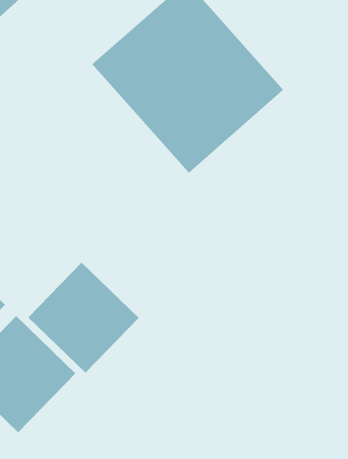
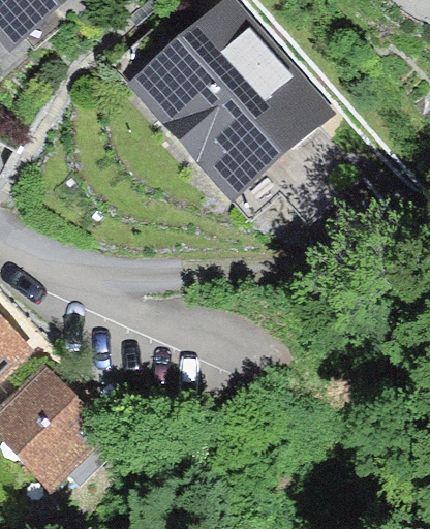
building: [28,262,140,374] -> none

